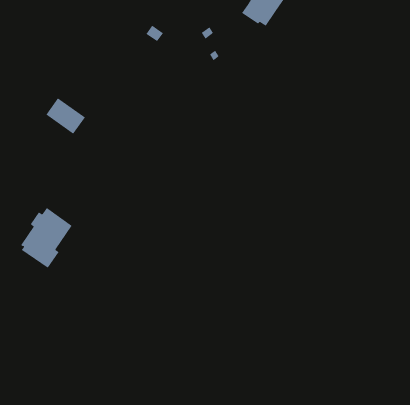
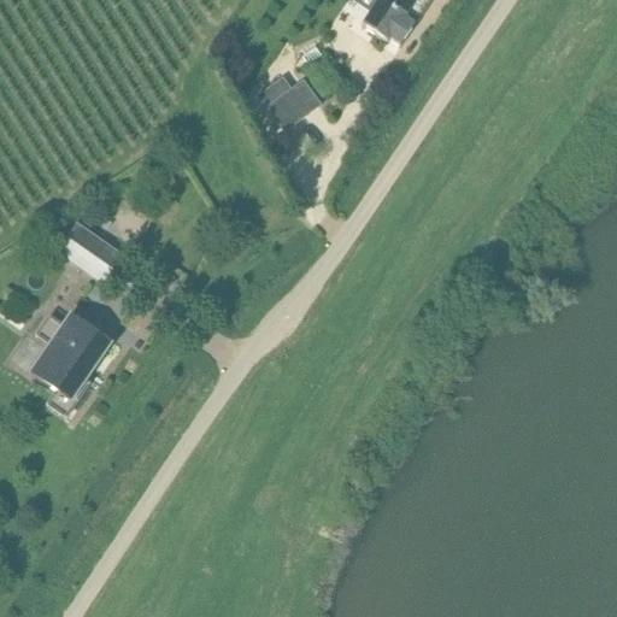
building: none -> [264,80,322,129]
building: [45,98,86,135] -> [60,221,121,276]

